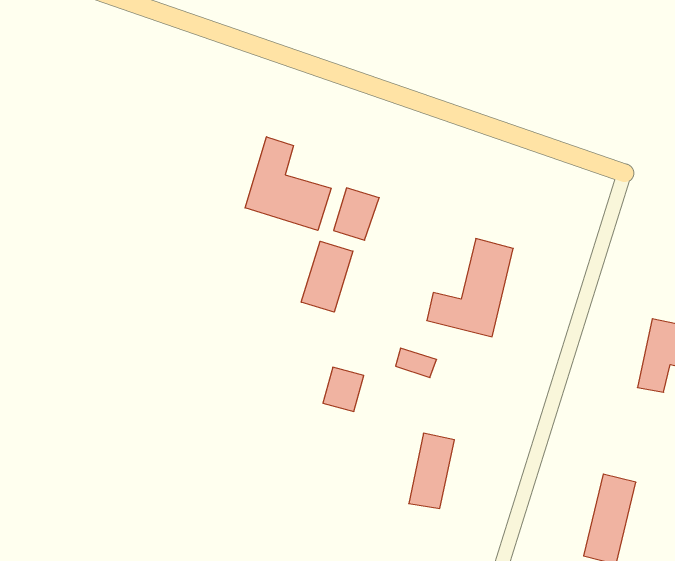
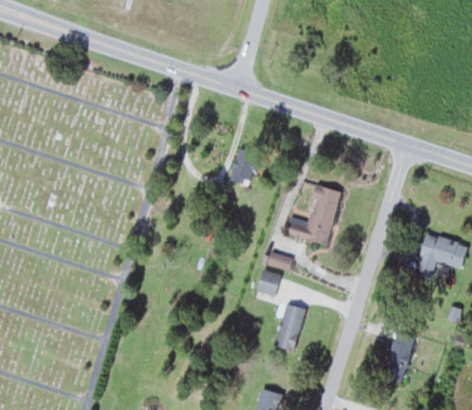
building: [245,137,331,230] -> none
building: [301,241,353,312] -> none
building: [323,367,364,411] -> [256,269,281,296]

